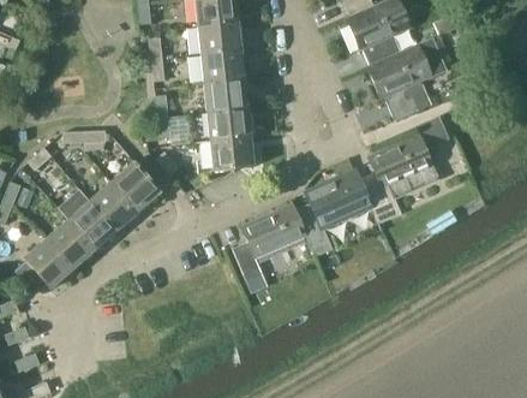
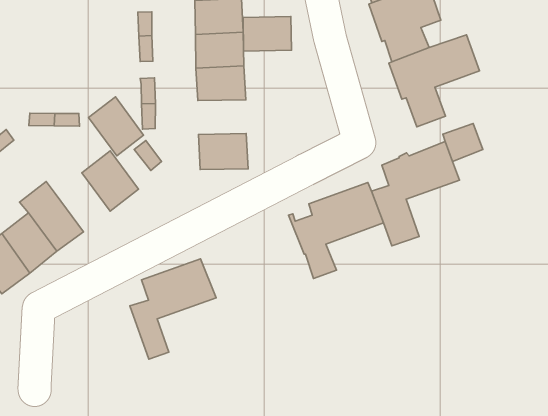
building: [206,107,250,139] -> [243,17,291,51]
building: [90,179,138,230] -> [89,97,144,156]
building: [233,203,306,292] -> [130,259,216,359]

